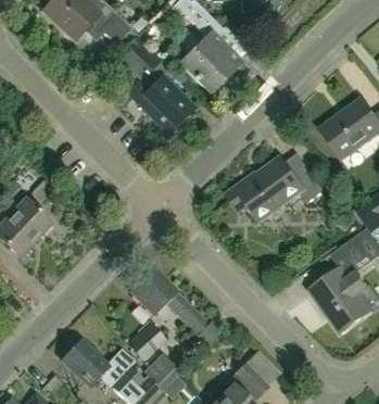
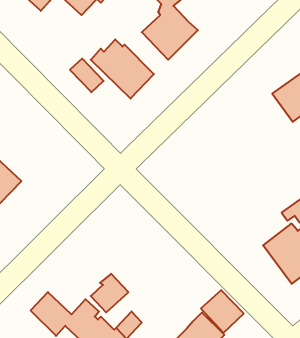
building: [125,36,161,72] -> [70,59,104,92]
building: [225,153,324,220] -> none
building: [130,267,209,336] -> none

